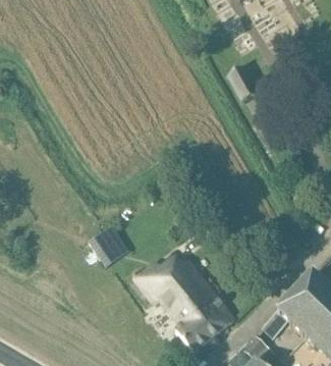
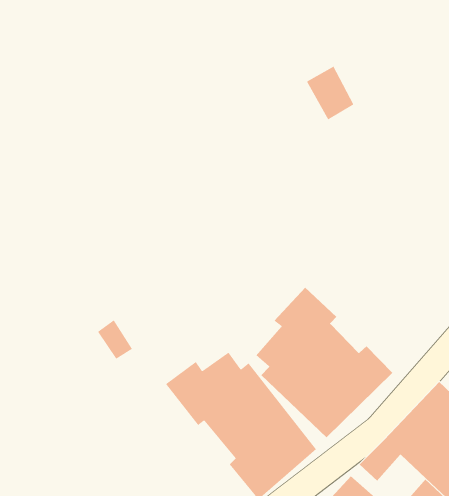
building: none -> [255,287,393,438]

